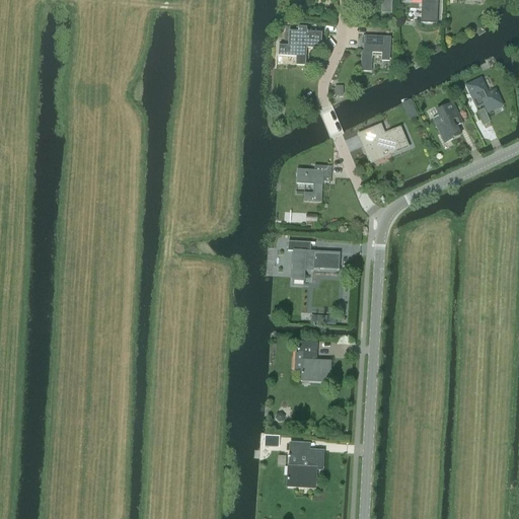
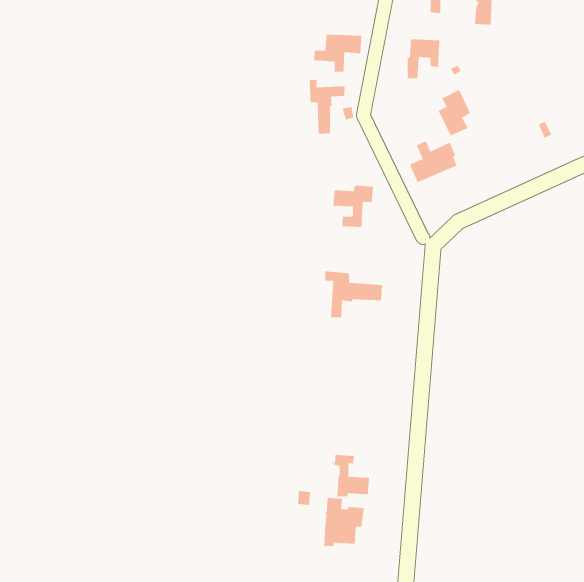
building: none -> [309,79,345,134]
building: [466,77,502,110] -> none
building: [433,100,462,142] -> [438,89,471,136]
building: [297,341,330,378] -> [332,455,370,497]

